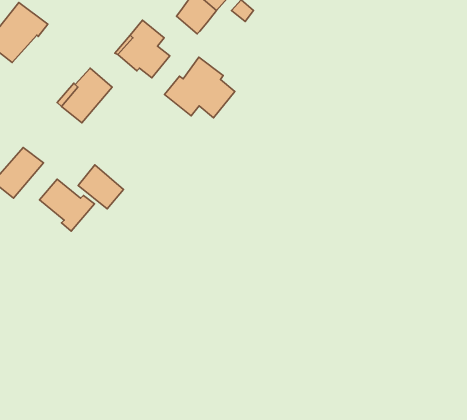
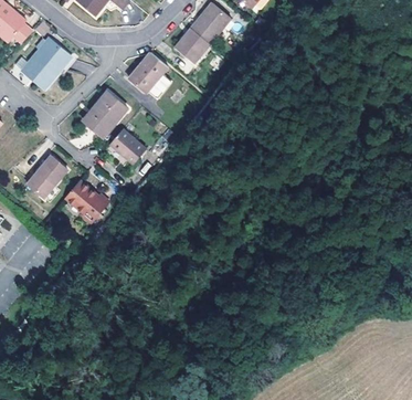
building: [165,57,235,118] -> none
building: [78,165,124,209] -> [109,128,146,164]

